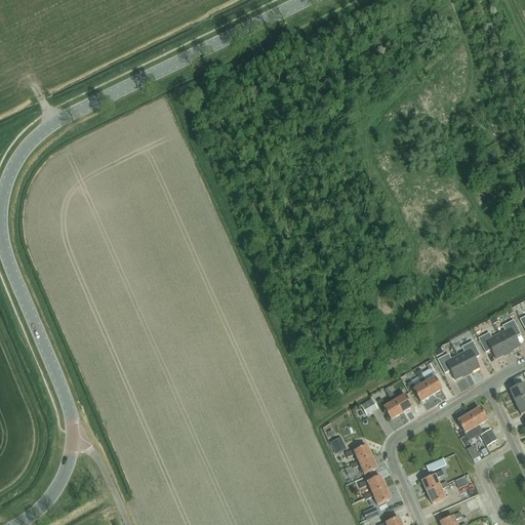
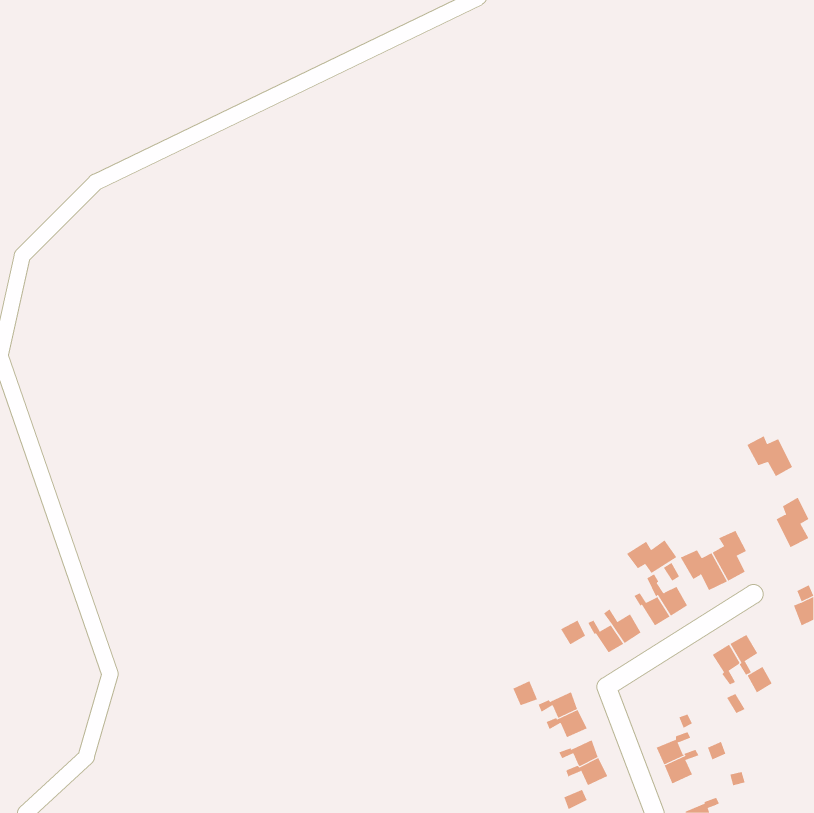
building: [478,331,508,358] -> [747,435,793,477]
building: none -> [626,540,677,574]

